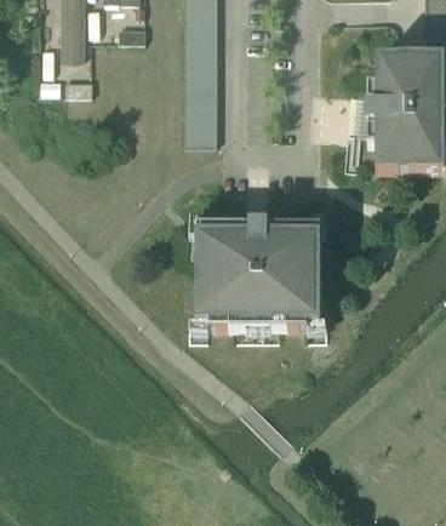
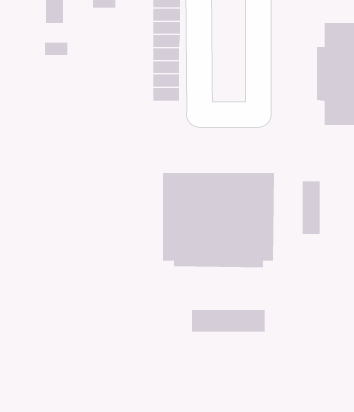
building: none -> [302,181,320,235]
building: none -> [191,309,265,332]

